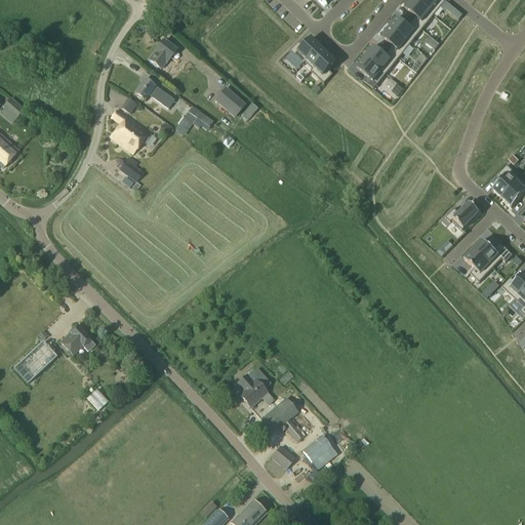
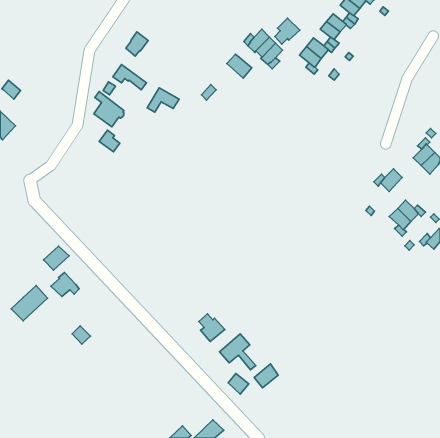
building: none -> [275,18,300,44]
building: [215,87,245,116] -> [227,54,252,78]
building: none -> [44,246,69,270]

